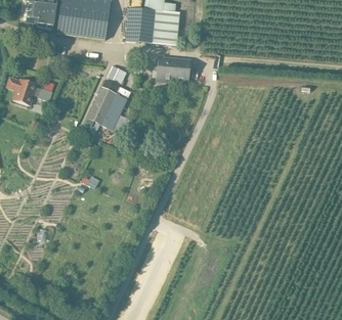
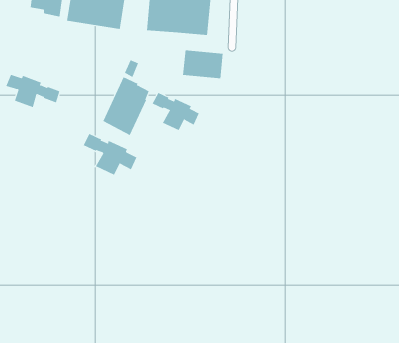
building: none -> [152,92,200,131]
building: none -> [83,133,137,175]

